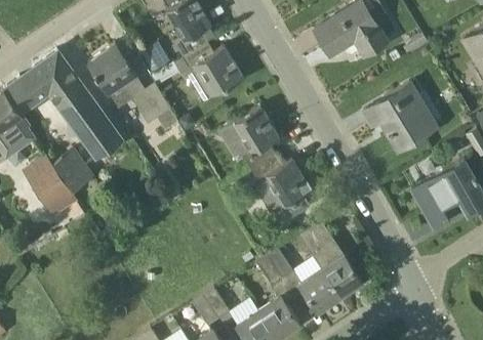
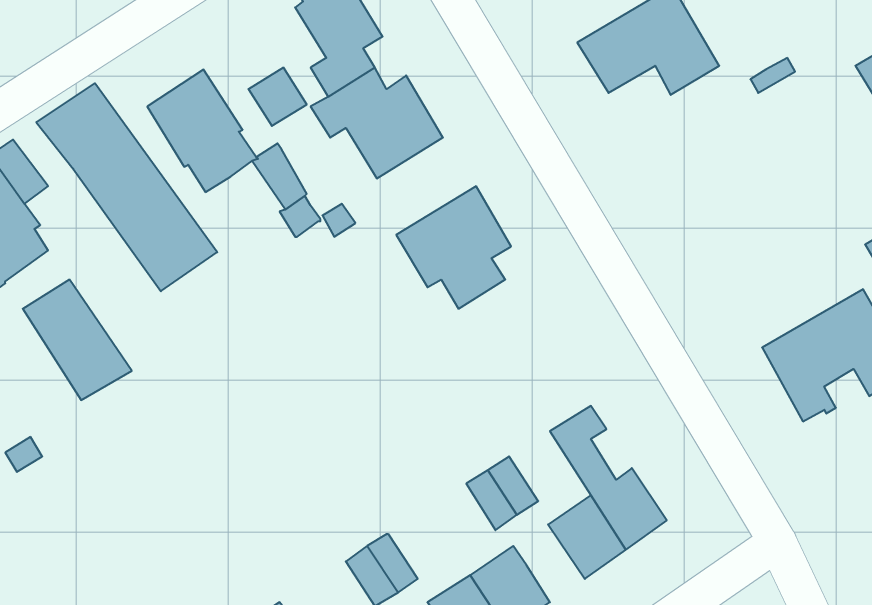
building: [364,82,438,150] -> none
building: [53,150,94,193] -> none
building: [251,155,312,217] -> none

